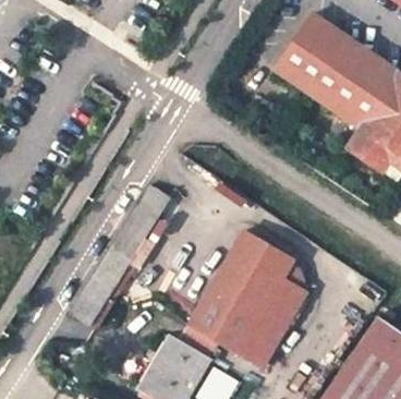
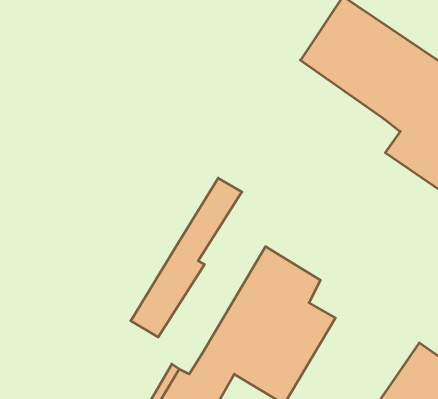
building: [72,188,169,326] -> [131,178,242,337]

